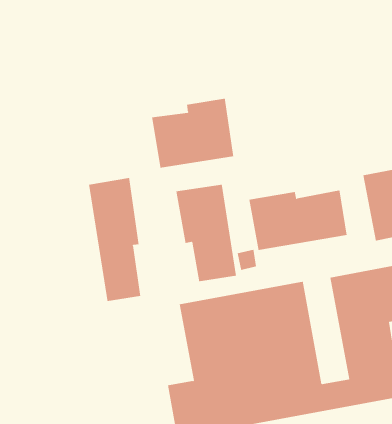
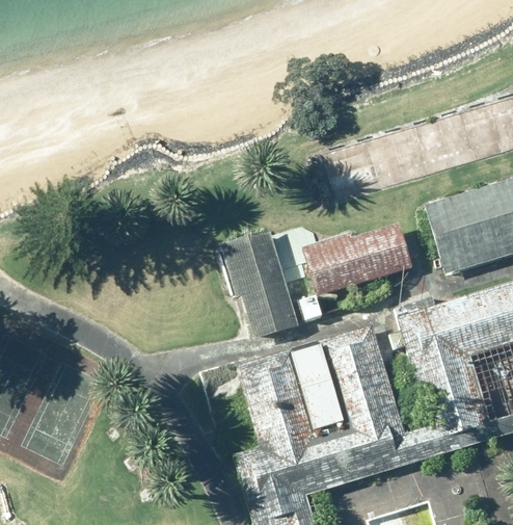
building: [152,98,234,169] -> none
building: [89,177,141,302] -> none

